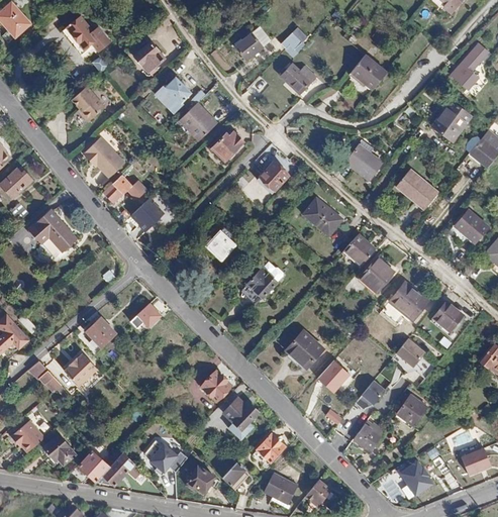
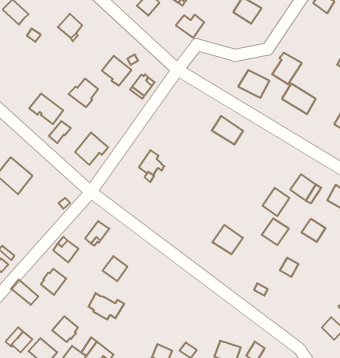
building: [152,78,189,113] -> [68,79,98,107]
building: [72,85,105,120] -> none
building: [432,101,471,140] -> [272,53,302,84]
building: [259,163,287,192] -> none
building: [345,232,375,263] -> none
building: [364,251,398,287] -> [263,188,289,216]
building: [245,265,275,294] -> none
building: [317,358,352,392] -> [262,218,289,245]
building: [200,370,231,401] -> [103,256,127,281]
building: [398,392,427,422] -> none
building: [223,397,260,430] -> none
building: none -> [52,316,78,342]
building: [355,420,383,448] -> none
building: [256,433,285,462] -> none
building: [145,438,190,473] -> [88,293,124,319]

